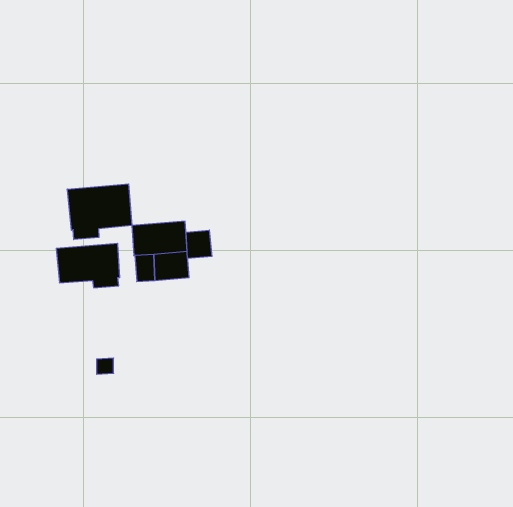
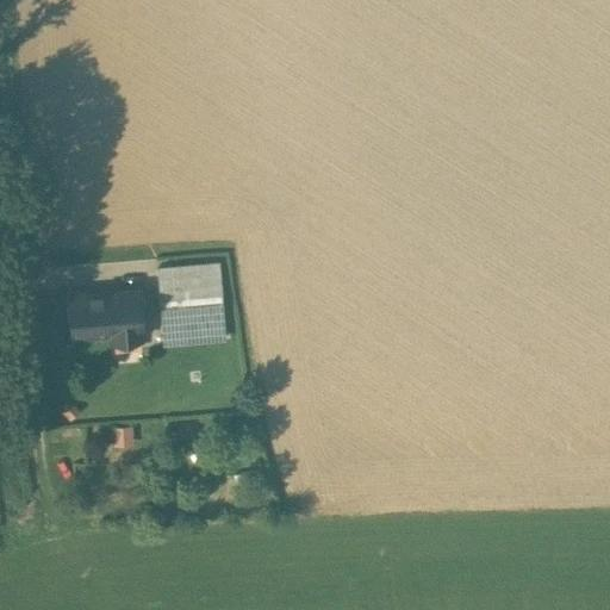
building: [67,184,132,240] -> none
building: [186,230,212,258] -> none

